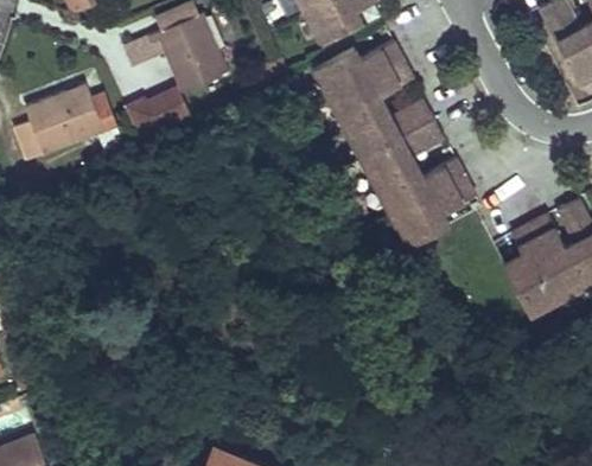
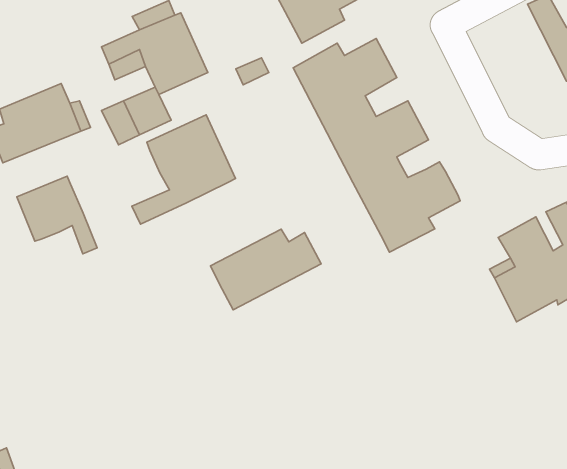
building: none -> [132,115,236,224]
building: none -> [17,176,97,254]
building: none -> [211,229,321,310]

